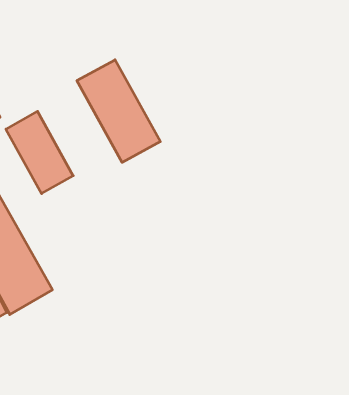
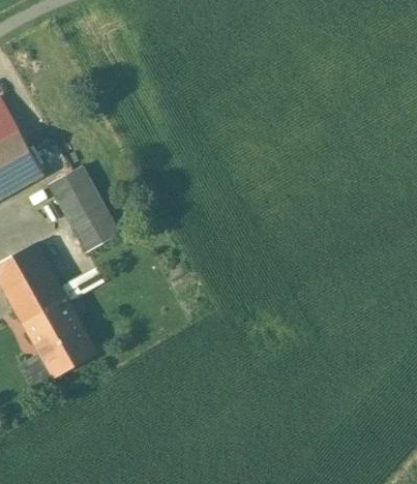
building: [77,60,160,162] -> none

